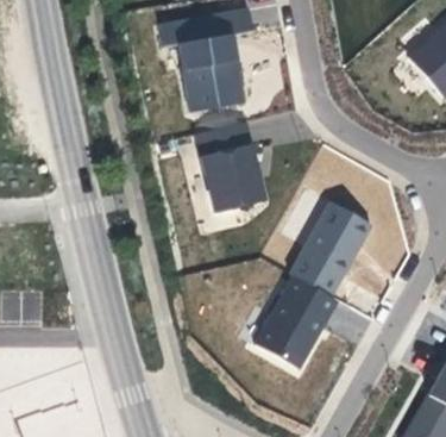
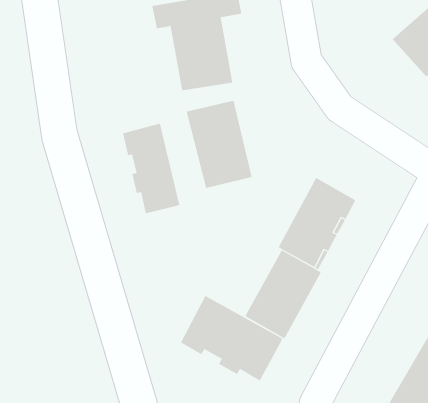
building: none -> [122,123,180,214]
building: none -> [180,295,283,382]

